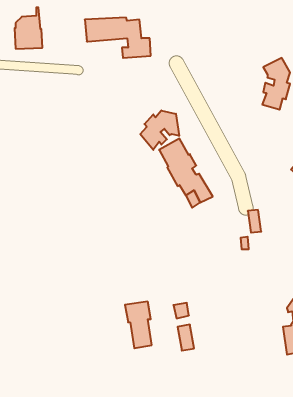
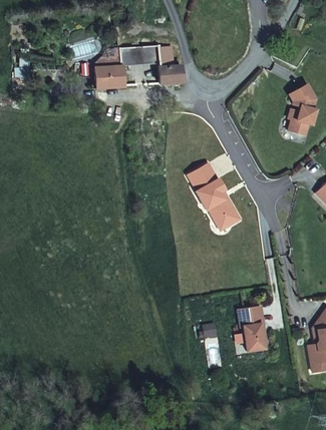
building: [15,7,42,49] -> [93,48,120,88]
building: [140,110,179,150] -> none
building: [125,302,152,348] -> [239,307,265,352]

